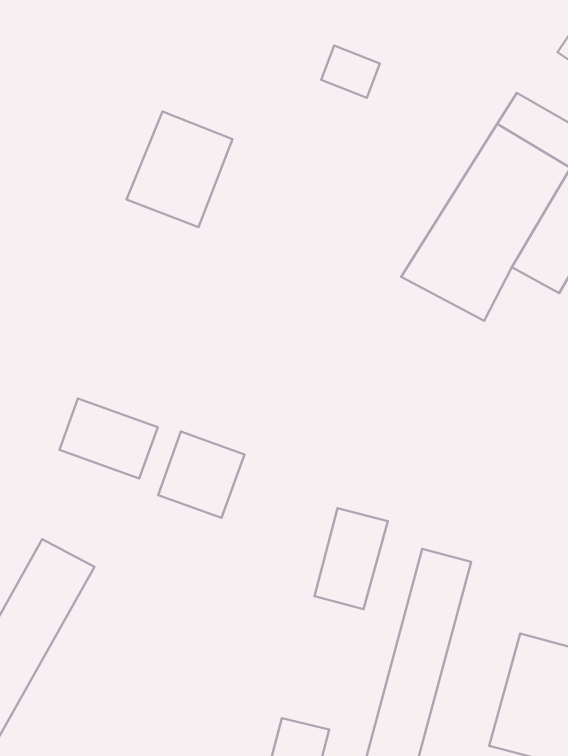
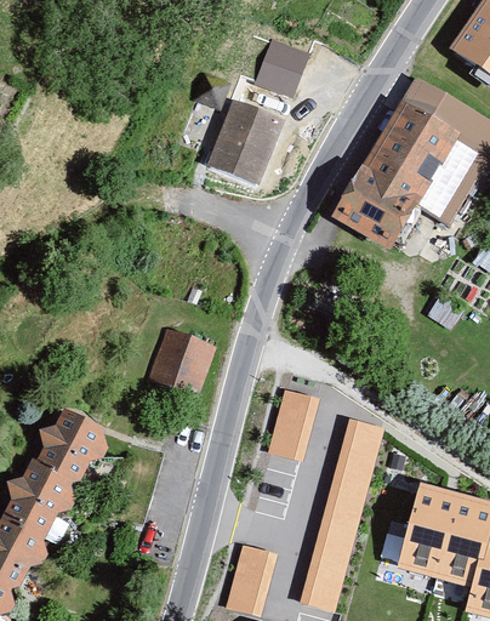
building: [127,111,233,227] -> [207,99,286,186]
building: [59,399,158,479] -> none

